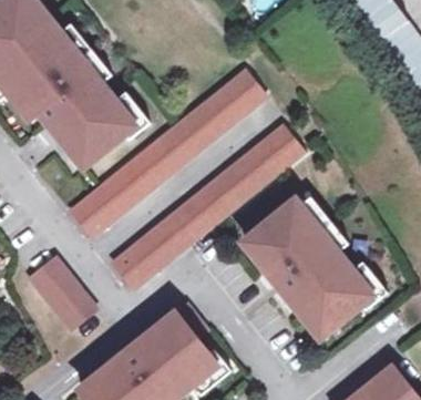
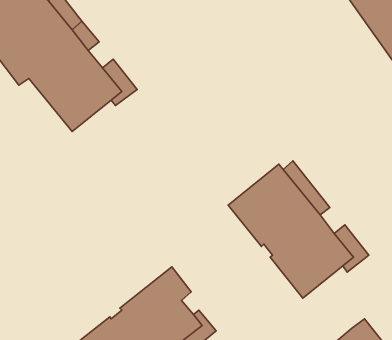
building: [69,70,265,237] -> none
building: [111,125,302,288] -> none
building: [28,257,95,329] -> none

